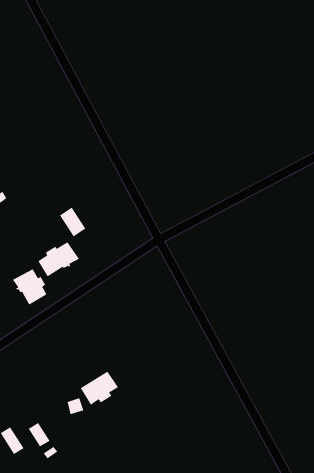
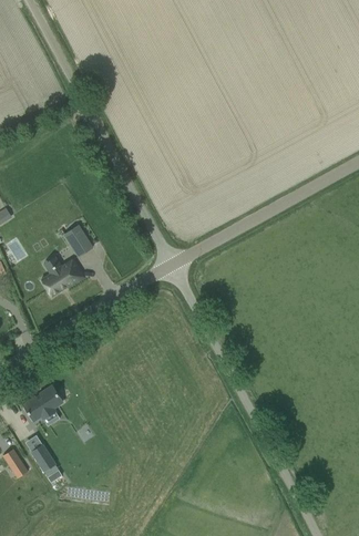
building: [12,268,47,306] -> none
building: [80,371,119,405] -> [22,385,62,421]

